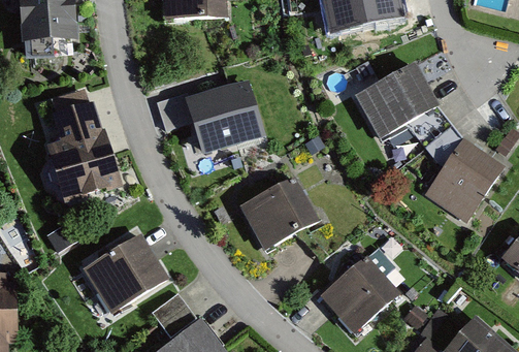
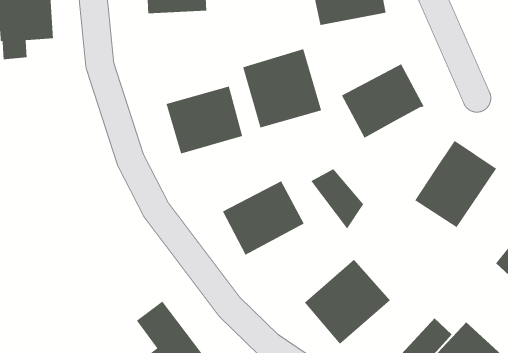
building: none -> [242,48,322,129]
building: [45,99,119,203] -> none
building: [409,106,461,166] -> [310,168,364,230]
building: [84,233,167,314] -> none

